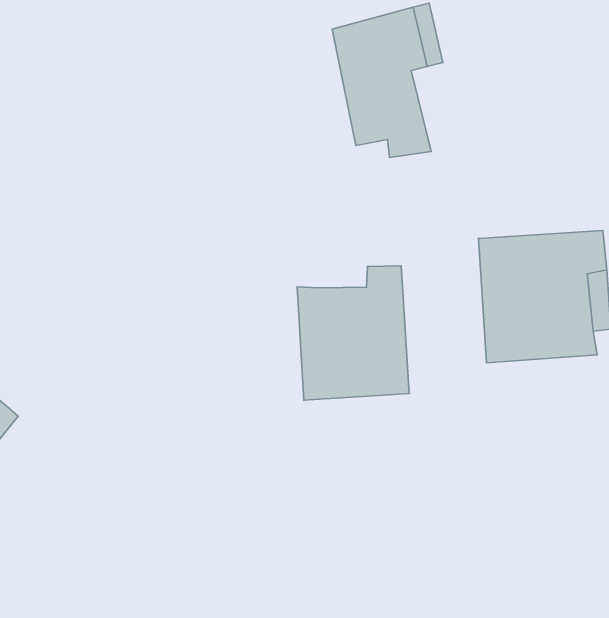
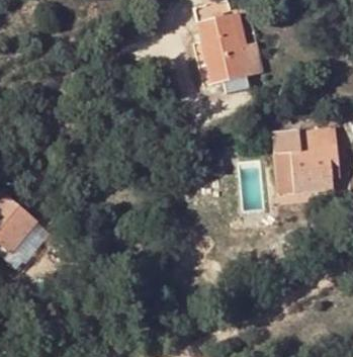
building: [297,266,409,400] -> none

